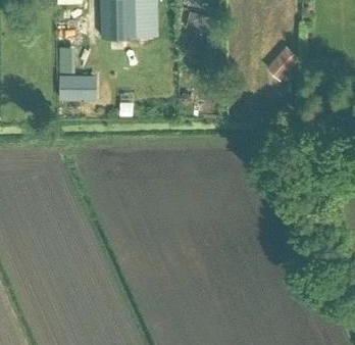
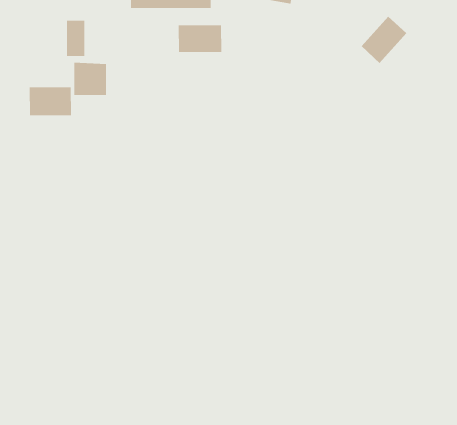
building: none -> [178,24,222,53]
building: none -> [29,86,71,116]

